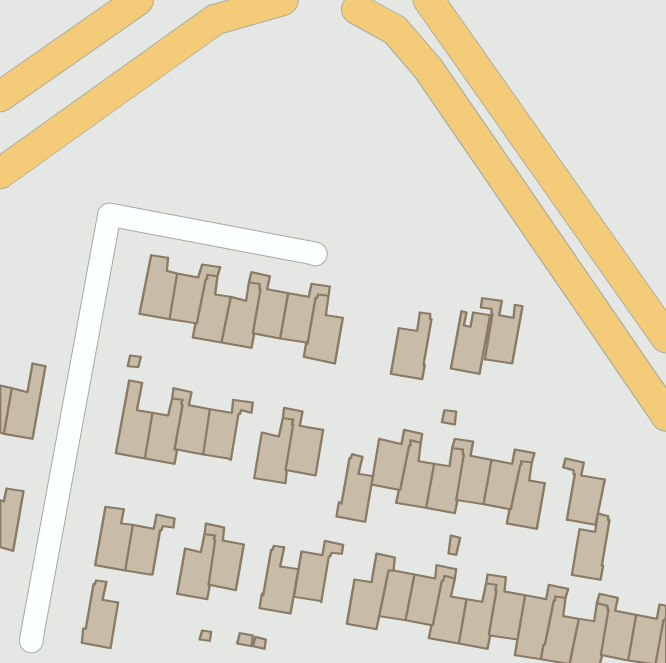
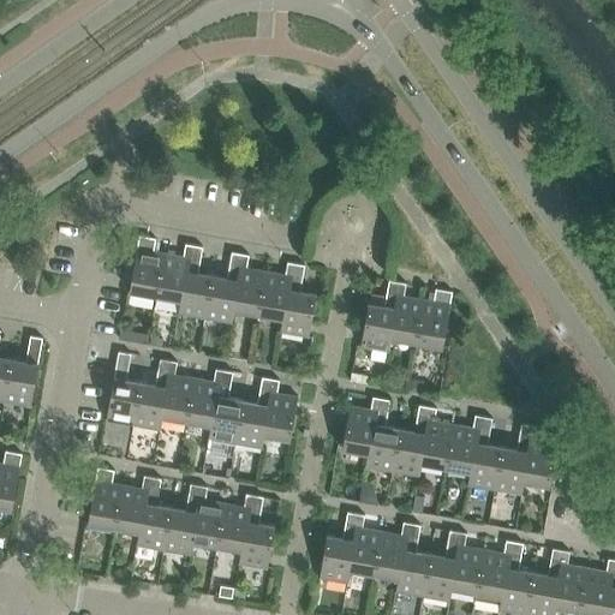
building: [481,298,523,363] -> [387,282,425,342]
building: [336,454,373,522] -> [208,381,241,443]
building: [572,514,610,580] -> [495,434,530,495]
building: [294,541,343,602] -> [217,495,263,551]
building: [82,580,118,648] -> [137,488,171,550]

